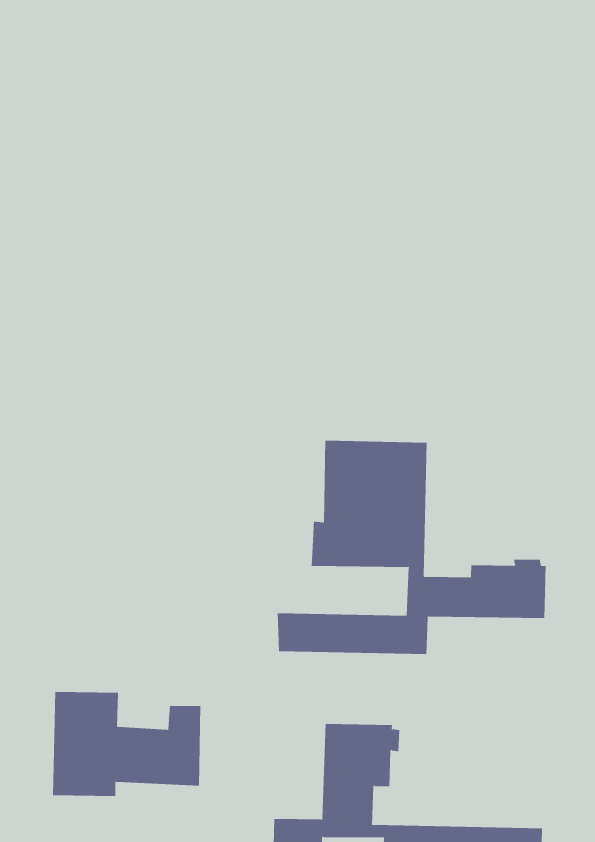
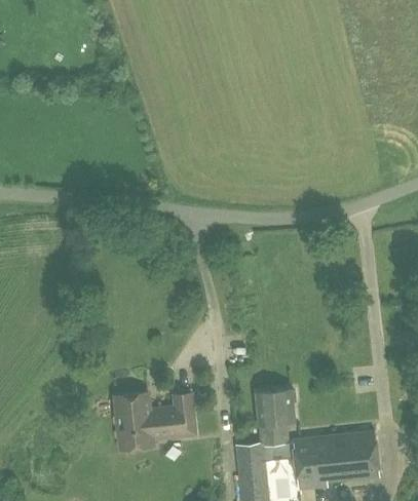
building: [277,440,546,655] -> none

